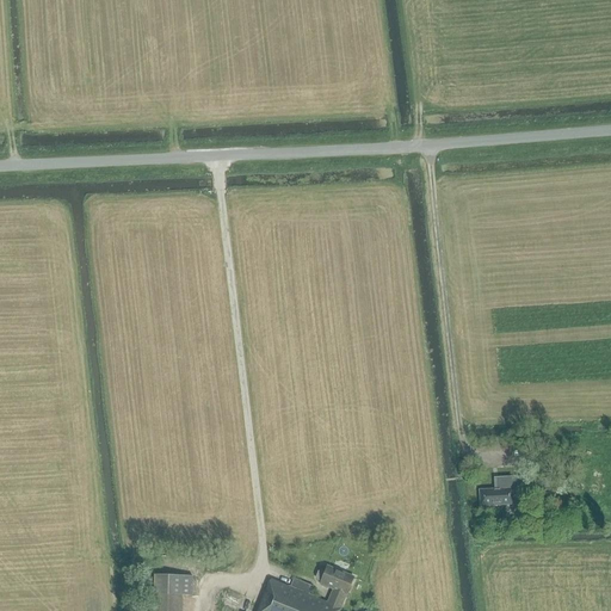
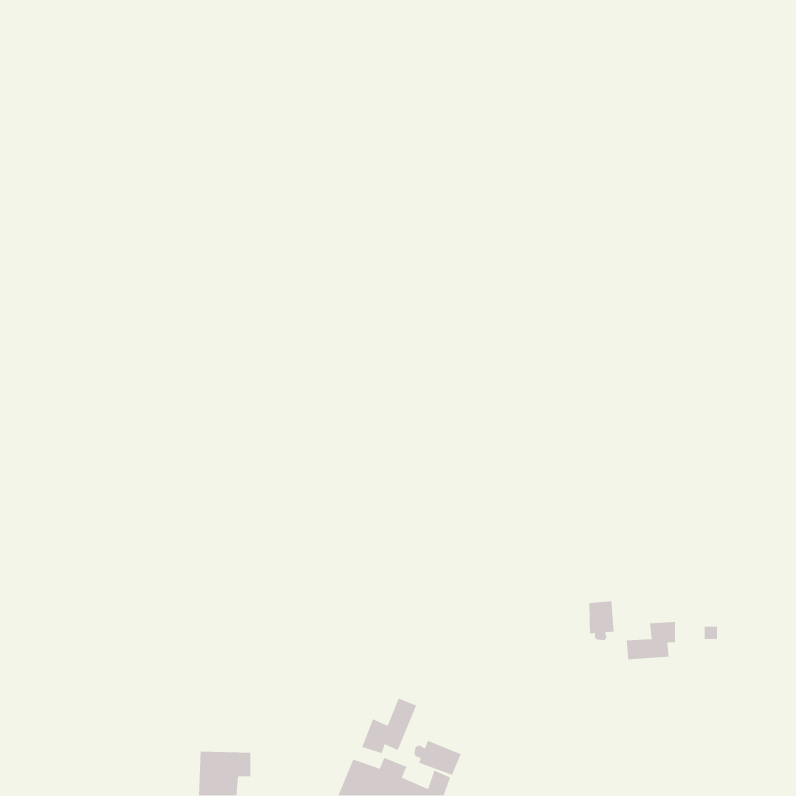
building: none -> [588,601,614,641]
building: none -> [361,697,417,754]

